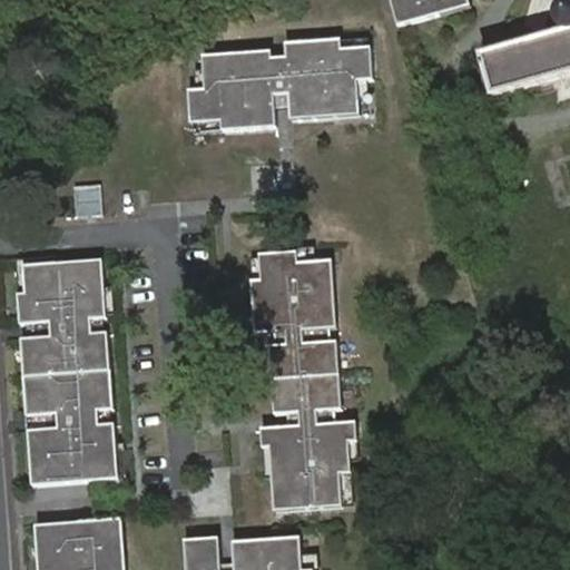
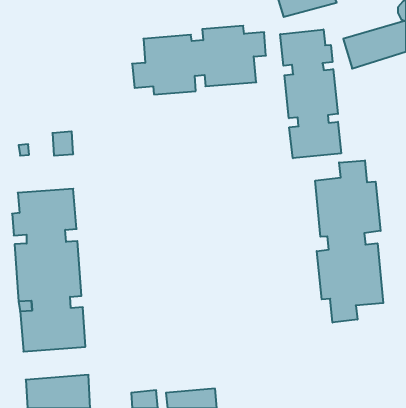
building: none -> [280,29,341,158]
building: none -> [315,160,383,323]
building: [249,248,356,509] -> none

